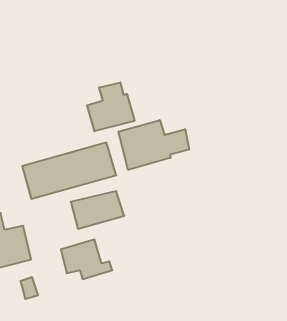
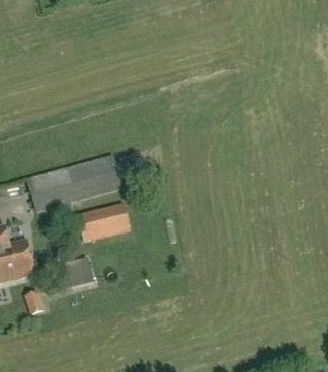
building: [87,82,135,131] -> none
building: [119,120,189,170] -> none

